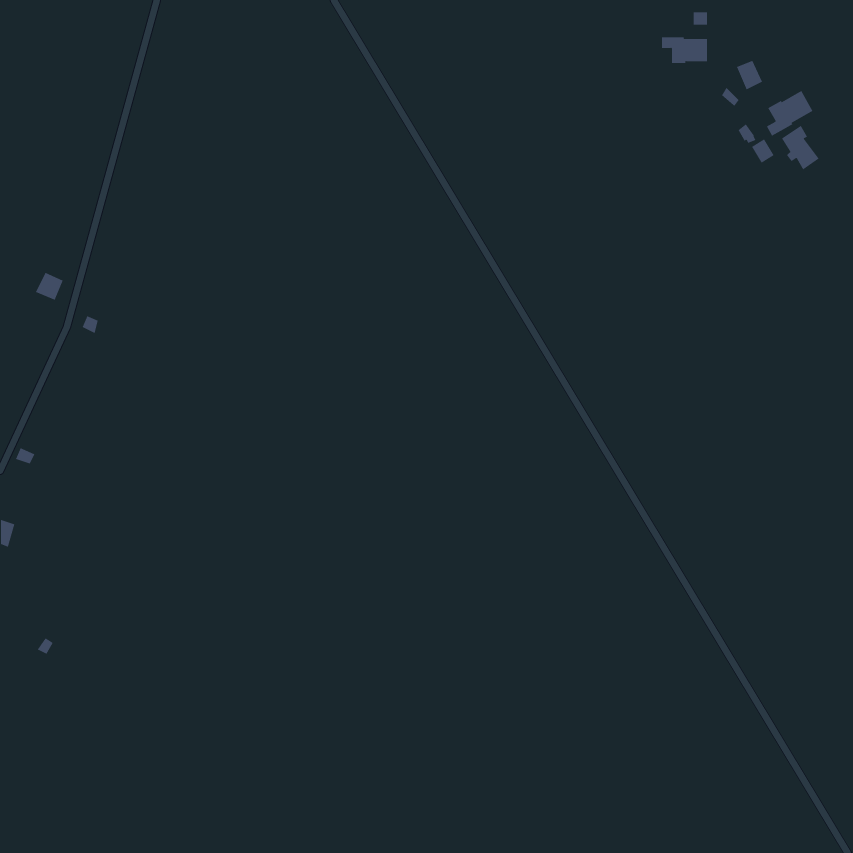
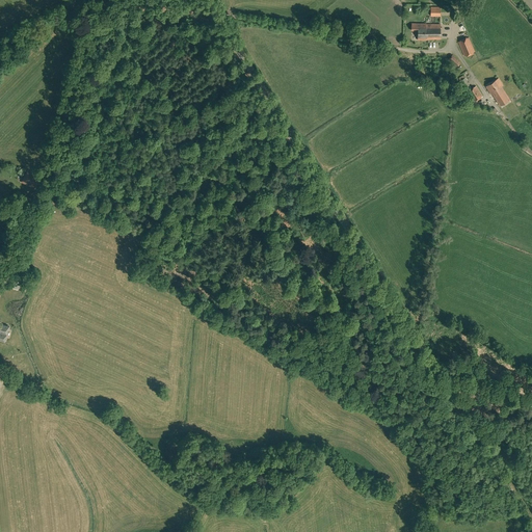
building: [766,90,813,137] -> none

